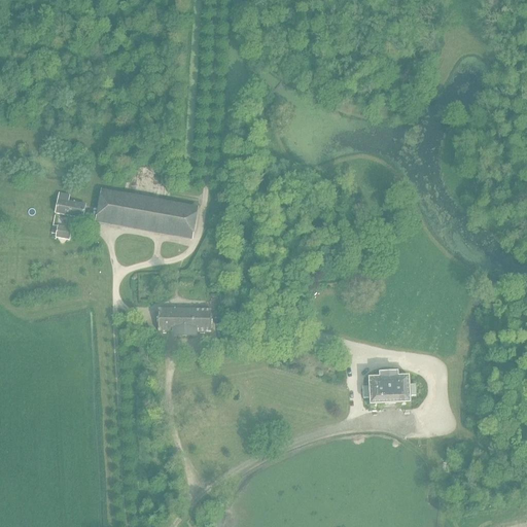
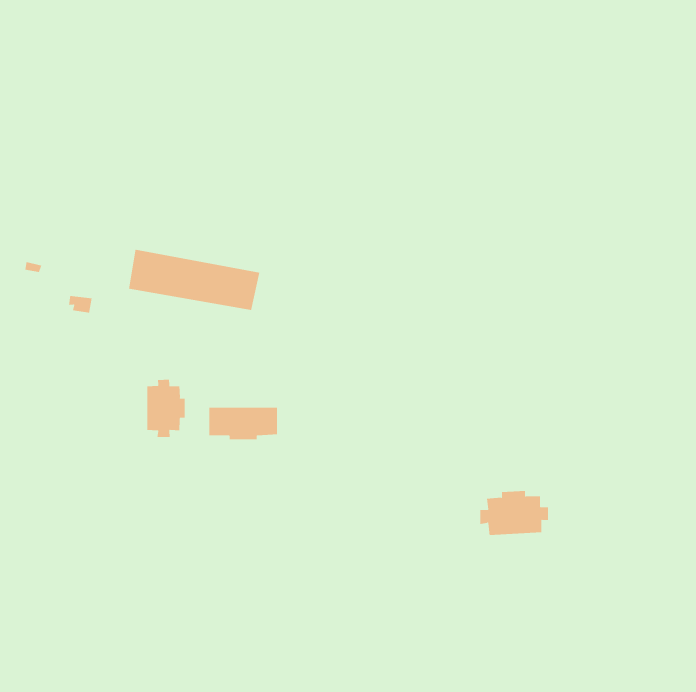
building: [55,190,85,215] -> none
building: none -> [147,379,185,438]

